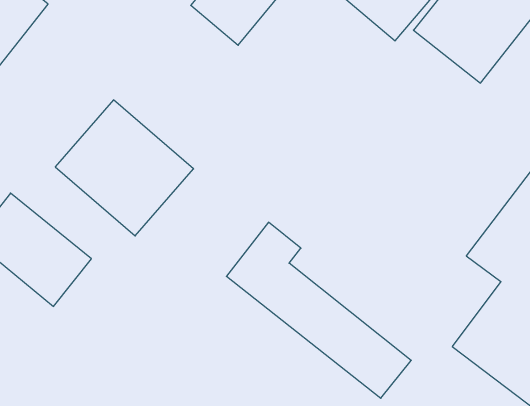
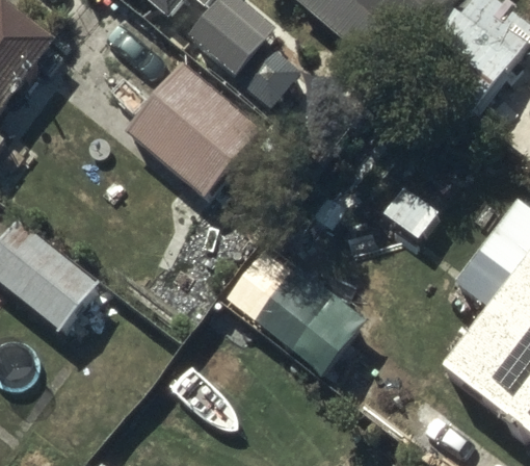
building: [55,100,194,236] -> [128,62,261,193]

